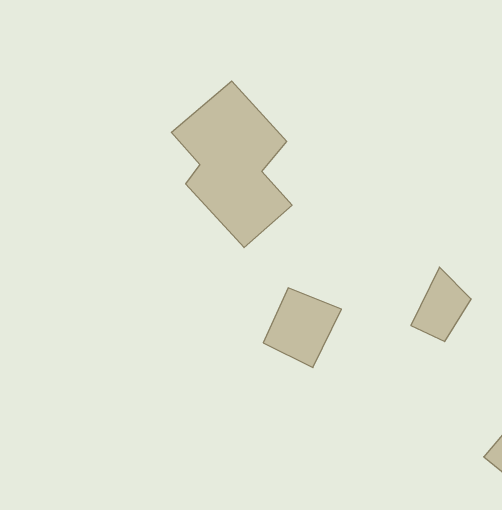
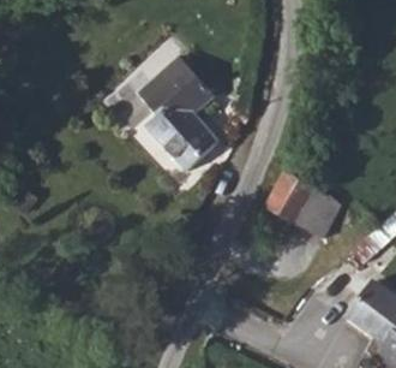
building: [263,288,341,368] -> [264,171,317,225]

